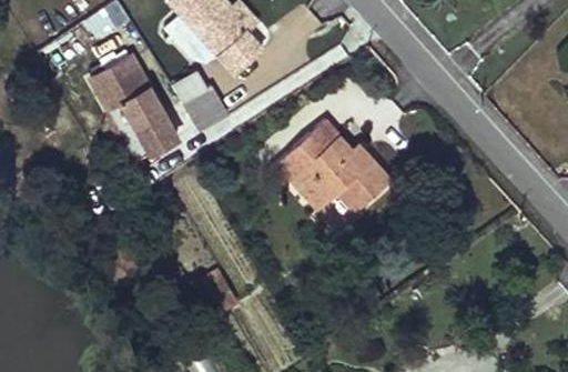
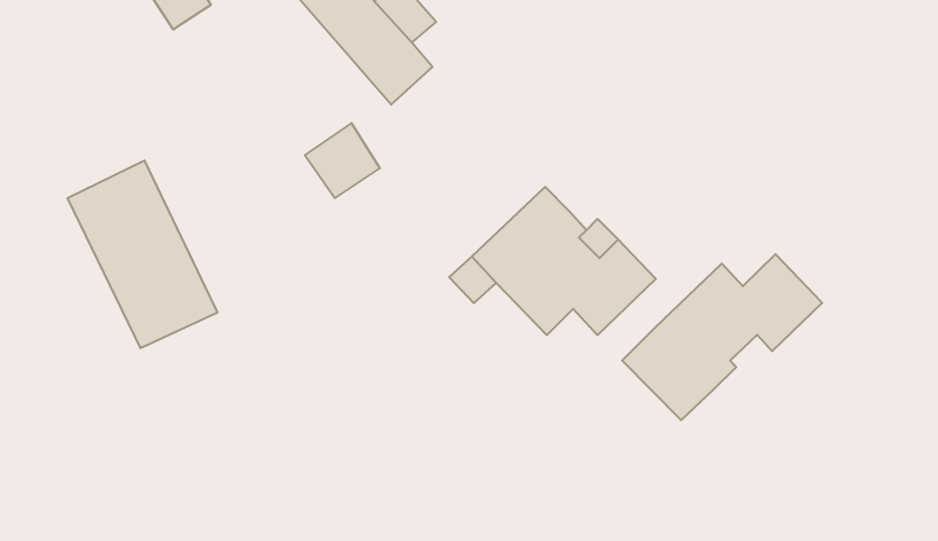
building: [89,49,178,160] -> [67,161,218,348]
building: none -> [622,254,822,420]

